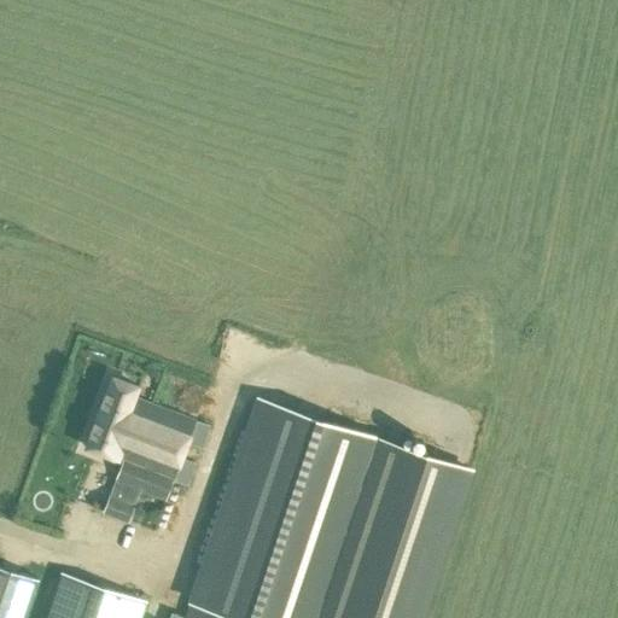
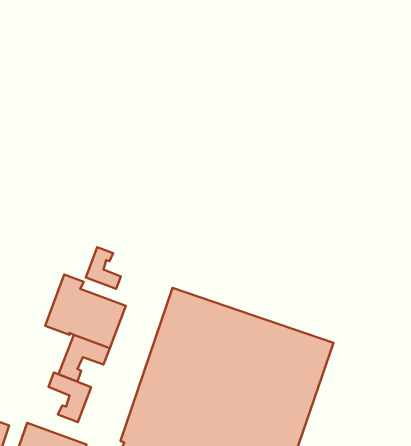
building: none -> [86,247,121,289]
building: none -> [48,372,91,422]

